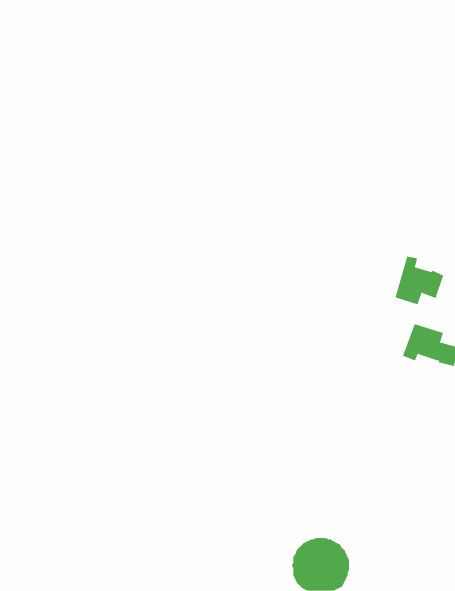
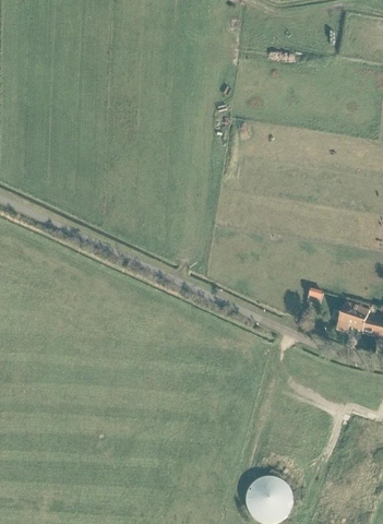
building: [395,256,444,305] -> none

